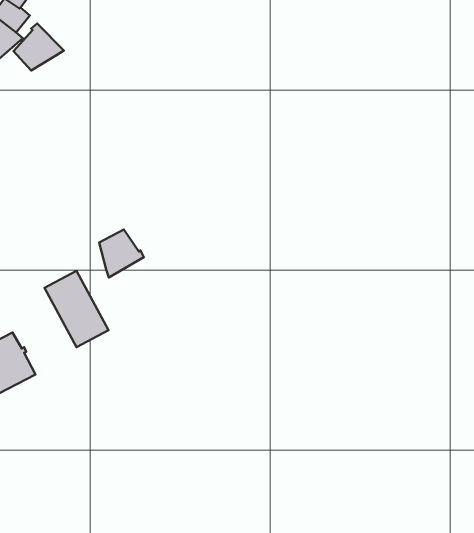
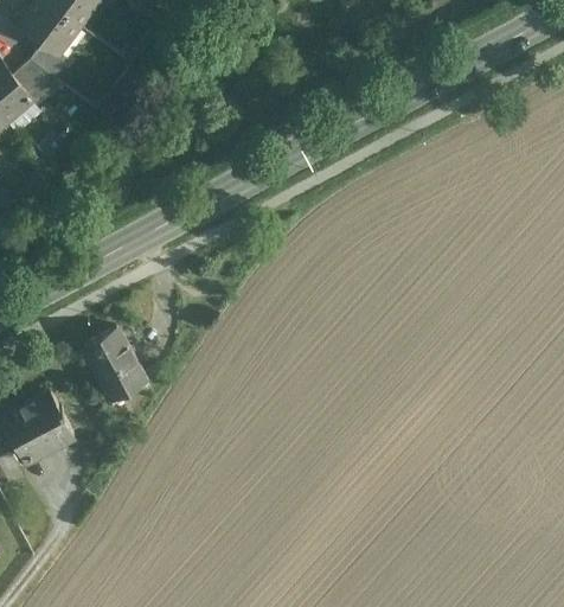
building: [13,24,64,70] -> none
building: [99,229,144,277] -> none

